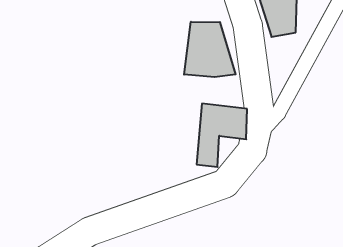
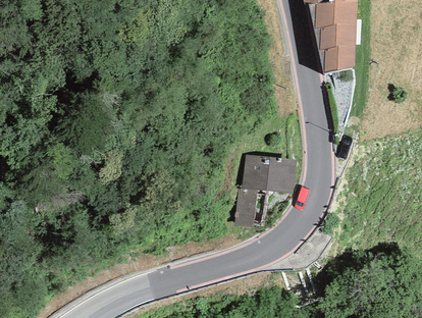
building: [184,22,236,77] -> none

